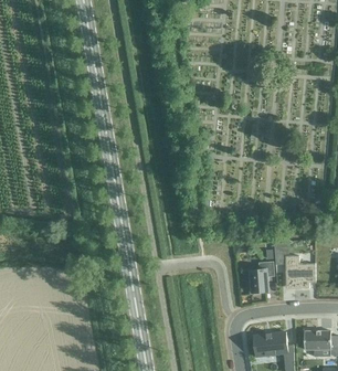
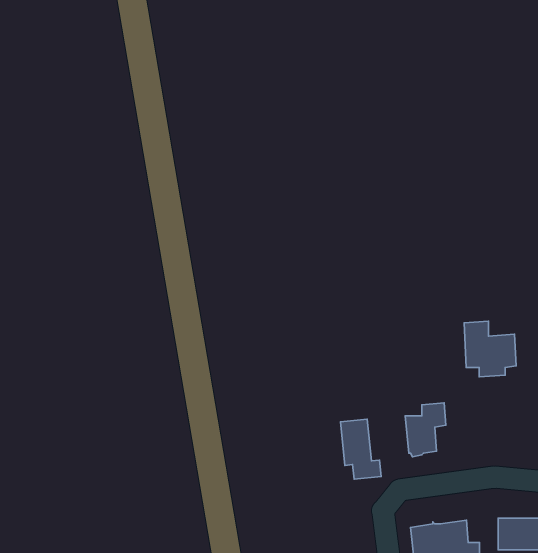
building: [285,255,316,288] -> [464,321,516,377]
building: none -> [340,419,381,479]

